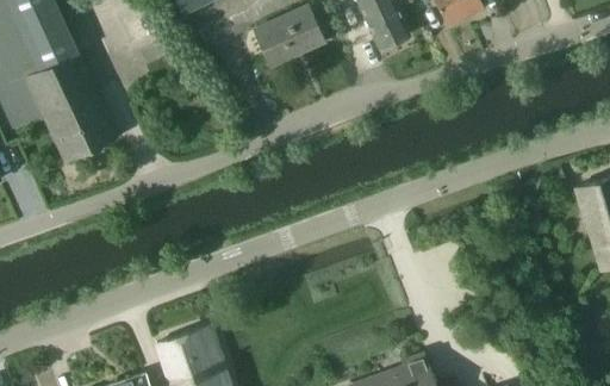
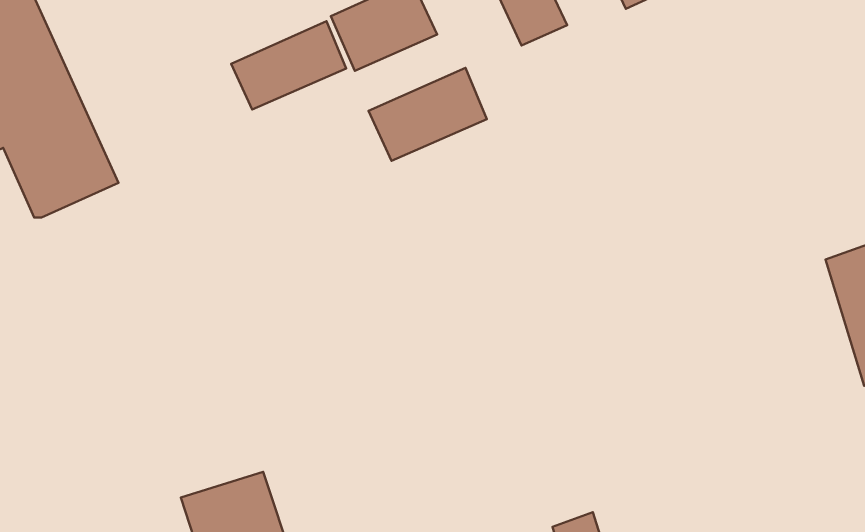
building: none -> [231,21,346,110]
building: none -> [368,68,487,161]

